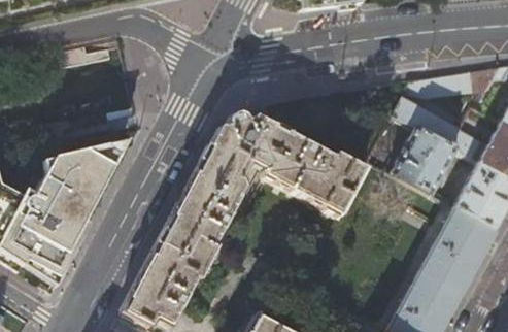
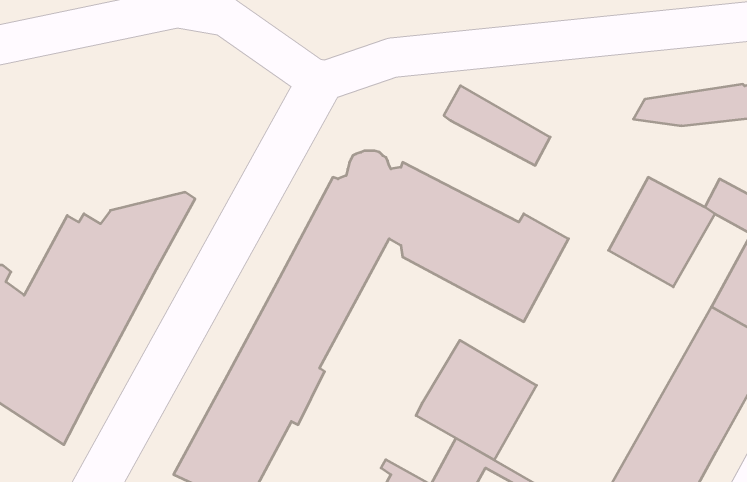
building: [396,97,462,146] -> [444,86,550,165]
building: none -> [416,340,537,460]

